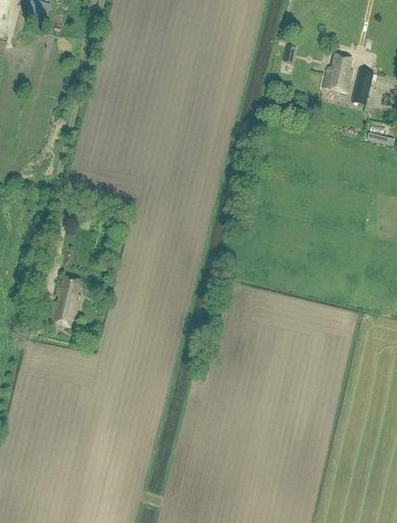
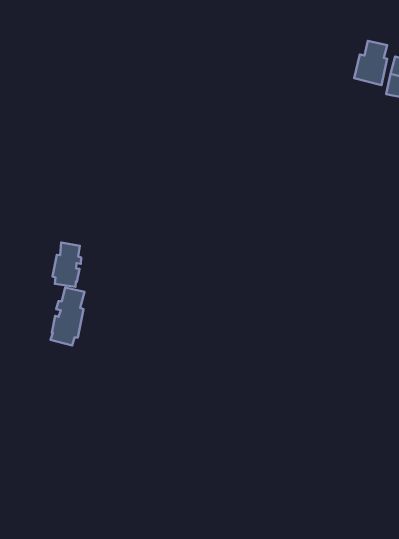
building: none -> [52,243,81,287]

